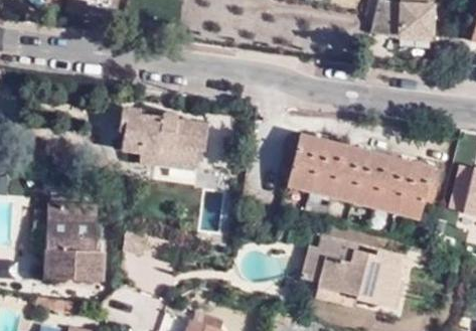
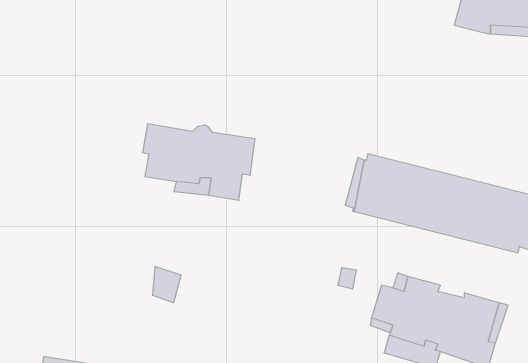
building: [45,204,105,282] -> none

